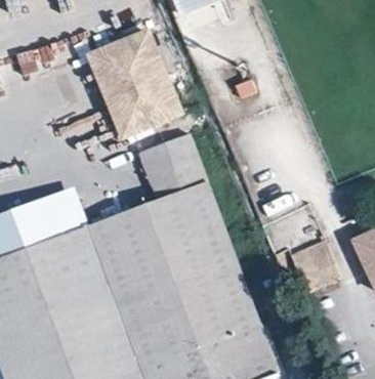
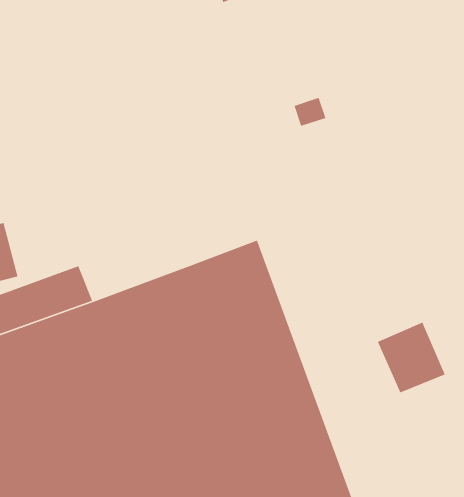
building: [90,32,180,135] -> none
building: [139,133,205,199] -> none

